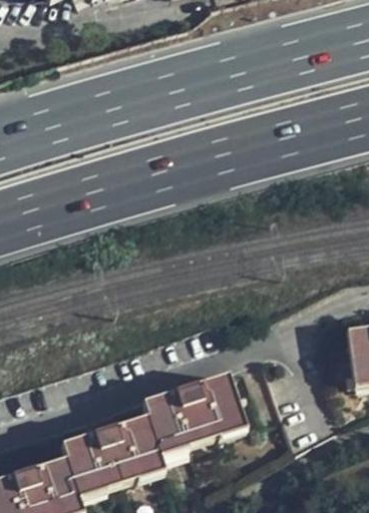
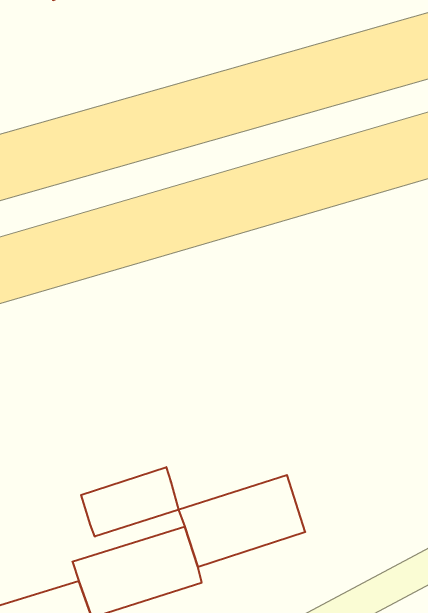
building: none -> [81,467,178,537]

